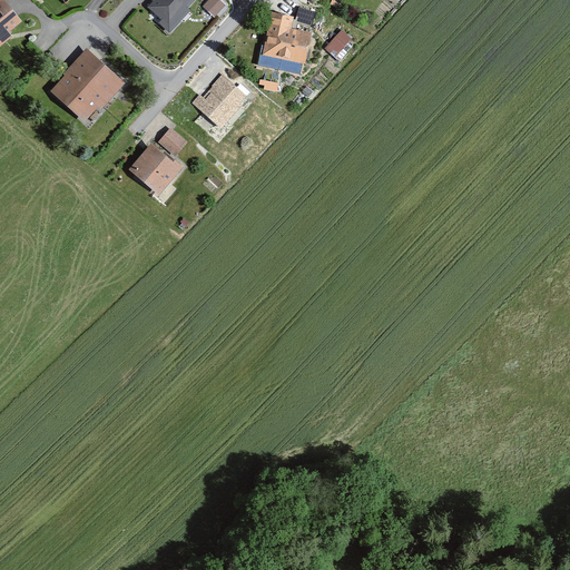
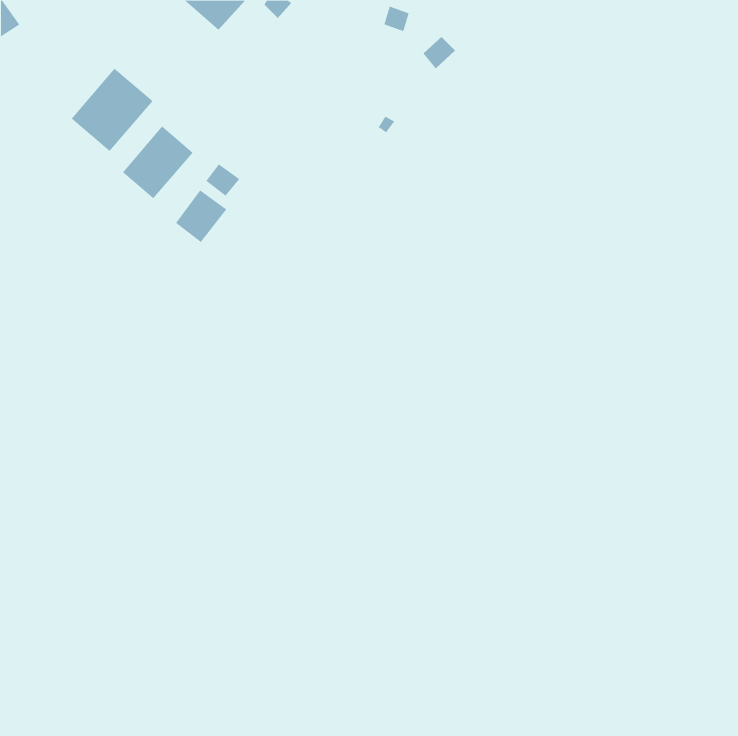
building: [262,13,309,59] -> none
building: [196,77,239,122] -> none
building: none -> [122,126,193,199]

